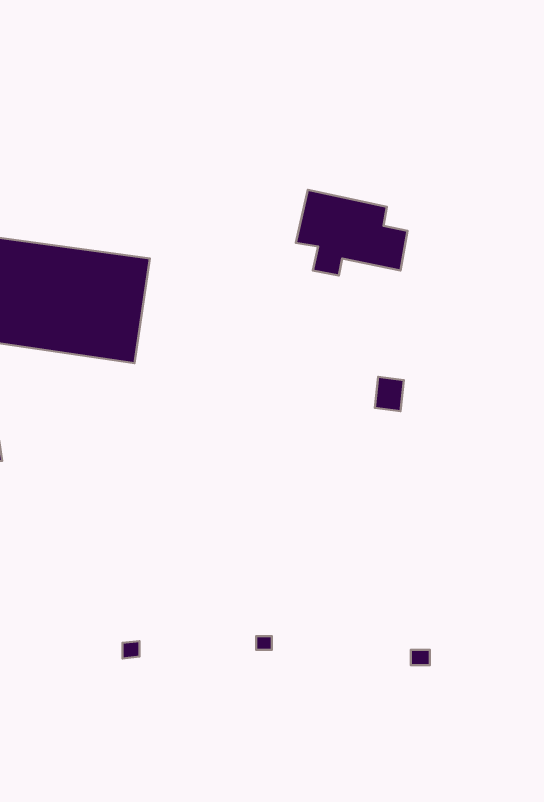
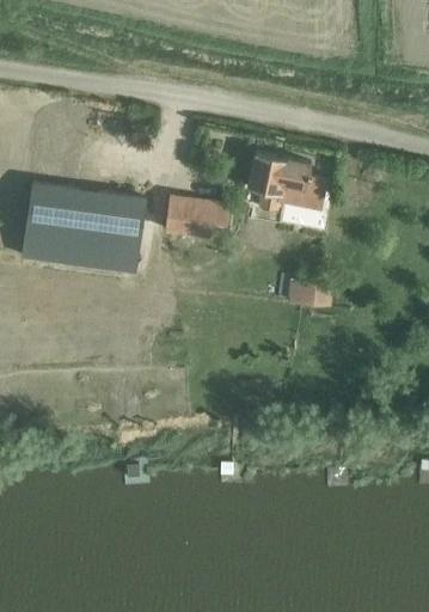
building: none -> [166,197,232,238]

